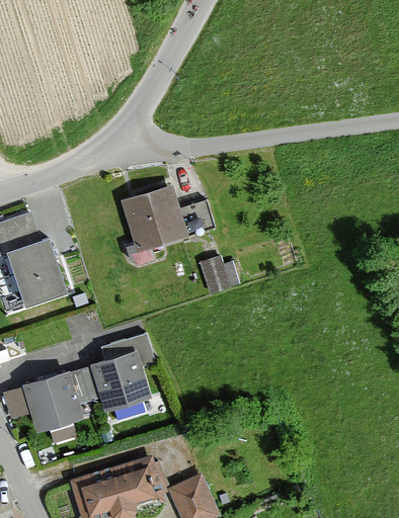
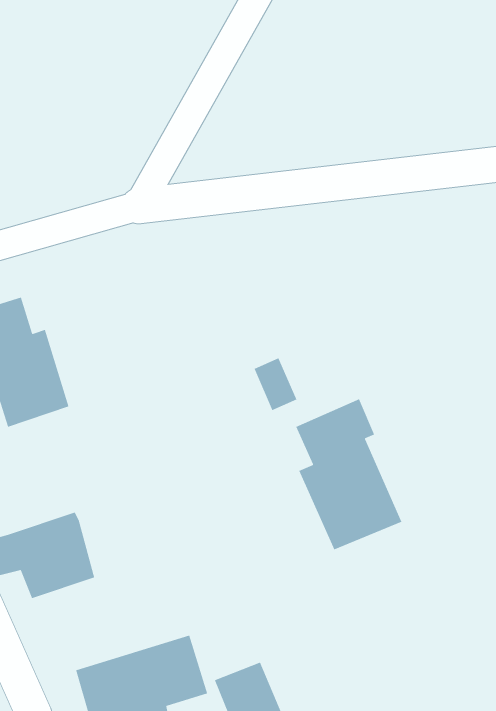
building: [121,186,211,254] -> none
building: none -> [295,398,403,550]
building: [90,331,154,412] -> none

